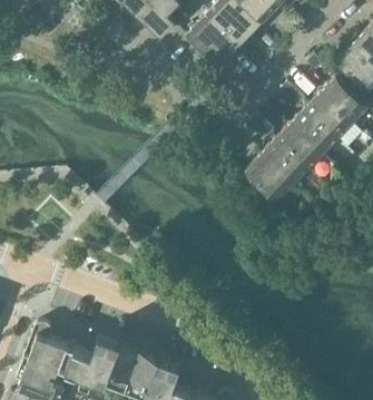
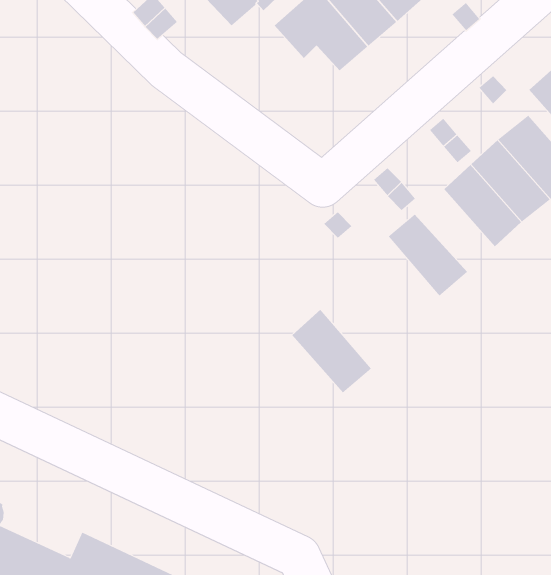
building: [275,123,323,169] -> none
building: [245,153,293,201] -> [292,309,372,393]

